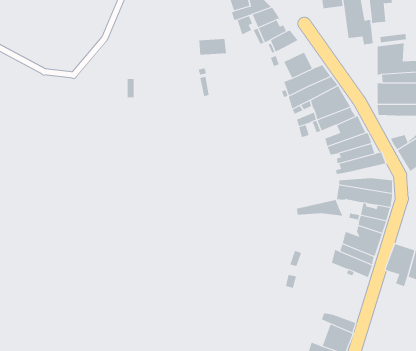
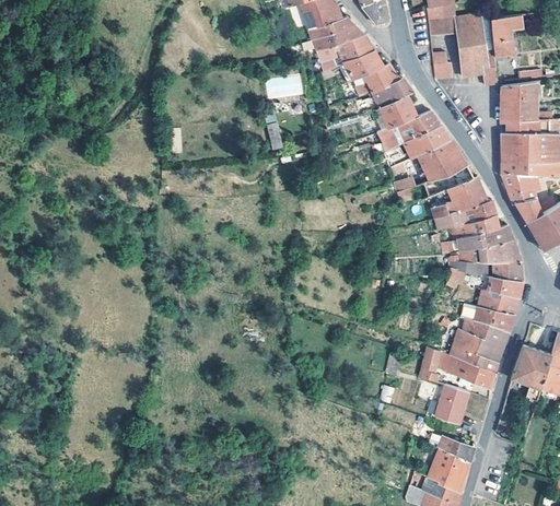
building: none -> [432,51,455,79]
building: none -> [371,75,411,107]
building: none -> [502,176,539,204]
building: [296,199,343,216] -> [460,239,522,261]
building: none -> [422,346,442,383]
building: none -> [439,385,467,423]

